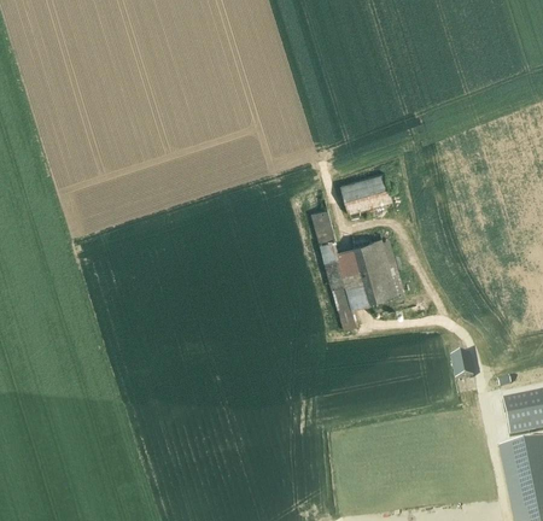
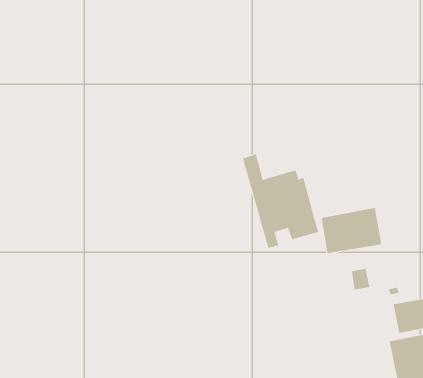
building: [340,170,392,211] -> none
building: none -> [321,207,382,254]

